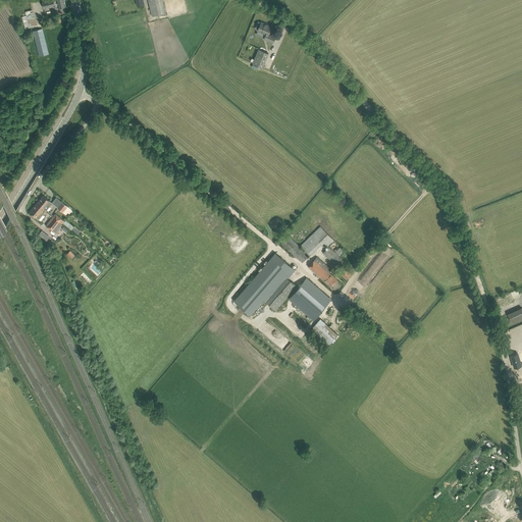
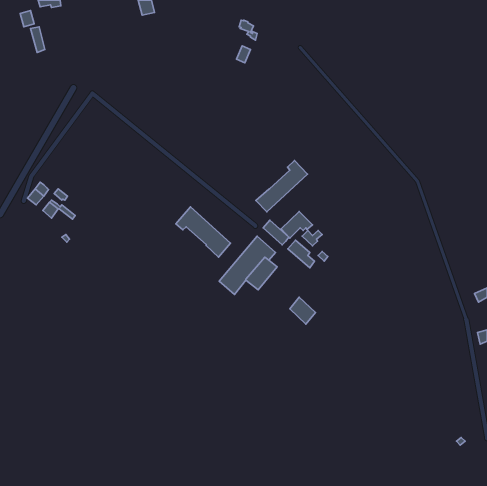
building: none -> [256,161,308,212]
building: none -> [176,207,231,257]
building: [295,279,330,314] -> none

